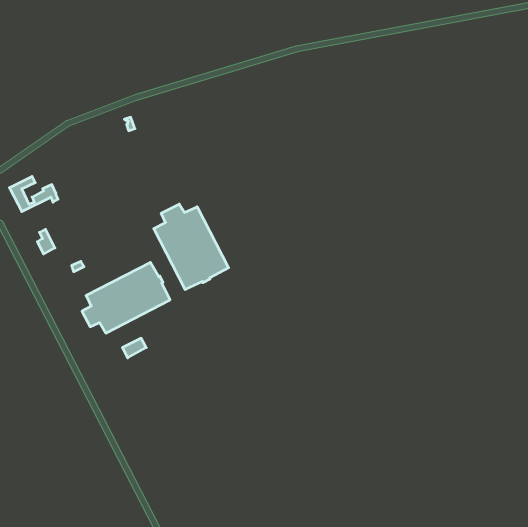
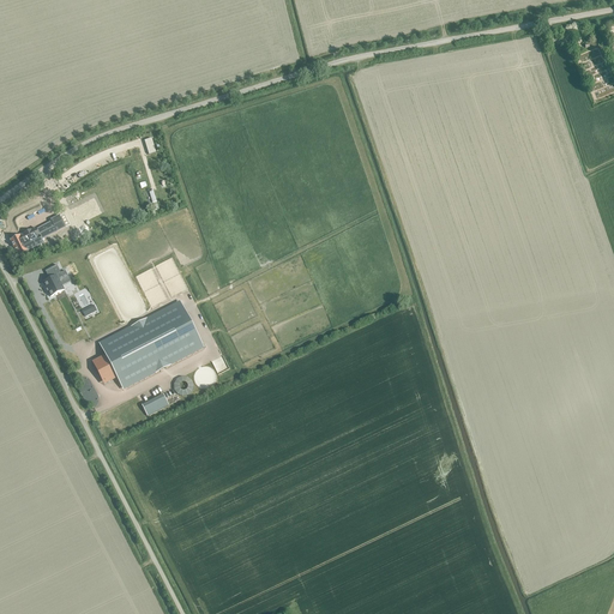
building: [154,204,229,290] -> none

